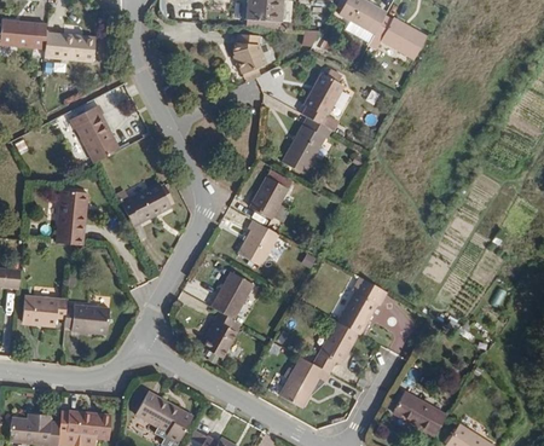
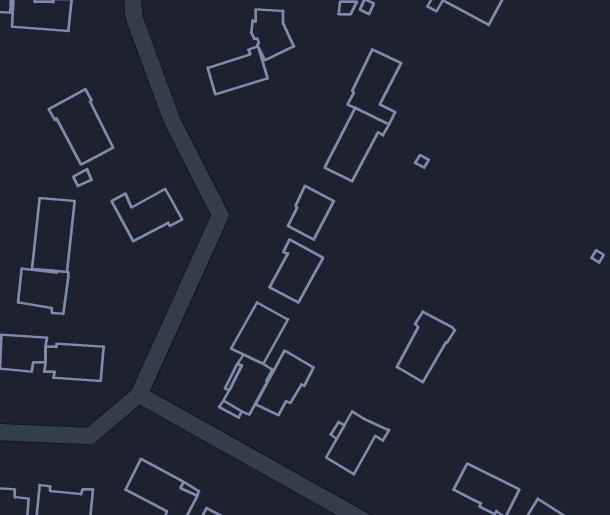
building: none -> [208,46,267,94]
building: none -> [18,268,68,314]
building: [317,319,363,370] -> [255,351,314,415]

